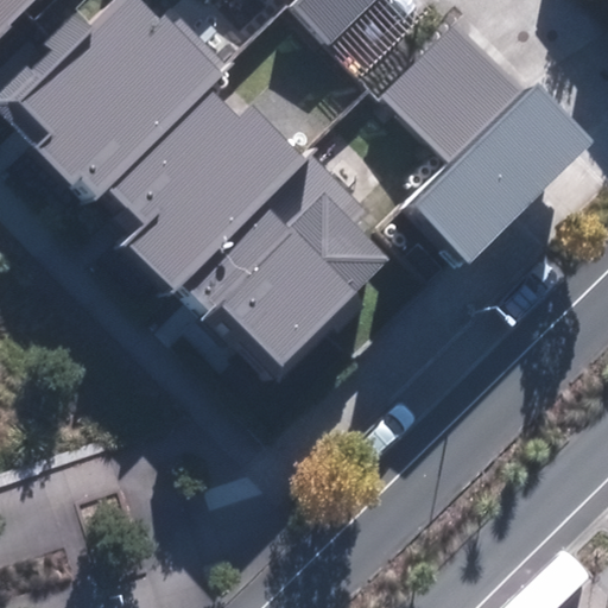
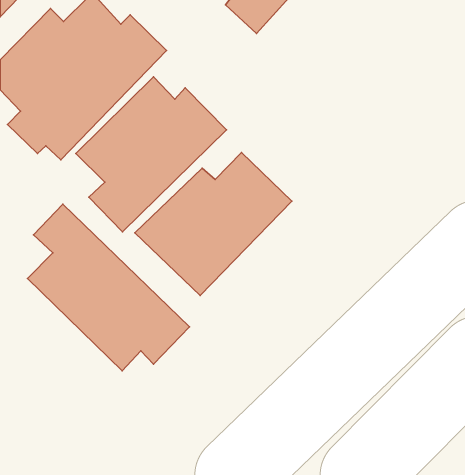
building: [394,31,585,271] -> none
building: none -> [27,204,189,371]

